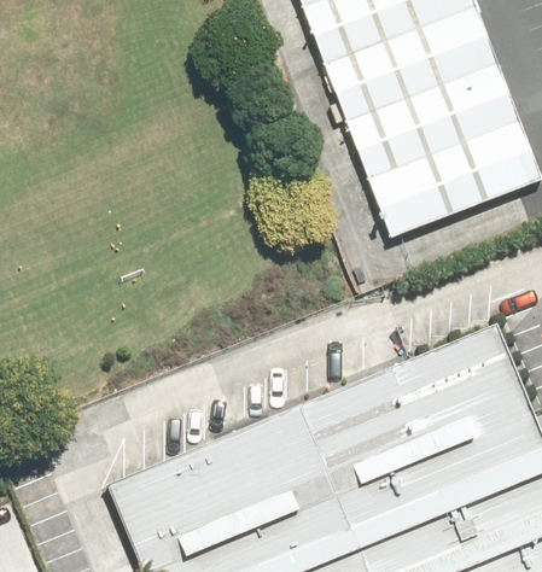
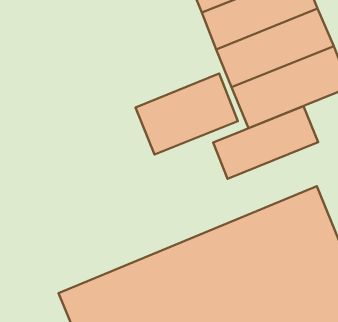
building: none -> [136,74,238,154]
building: none -> [213,106,318,179]

